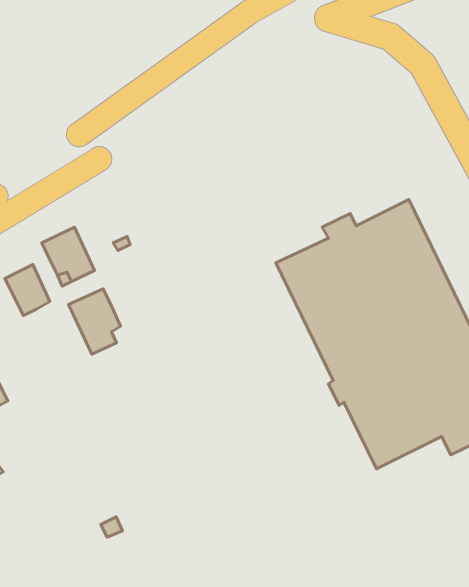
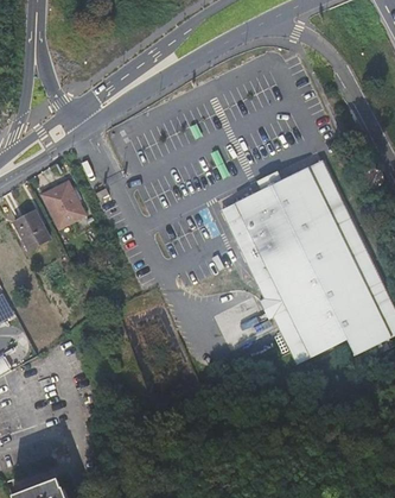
building: [69,289,120,354] -> none

